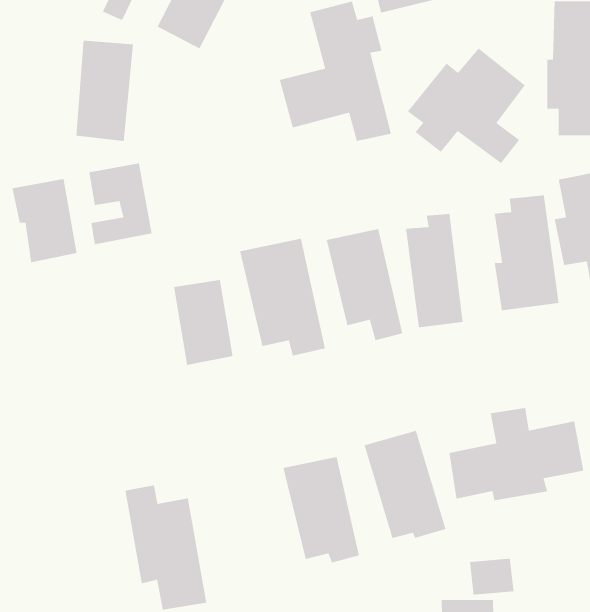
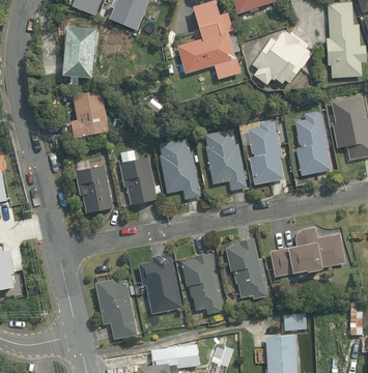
building: [11,178,77,263] -> [74,164,110,210]
building: none -> [137,253,181,313]

